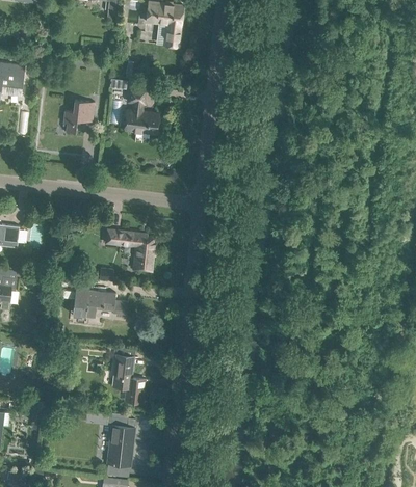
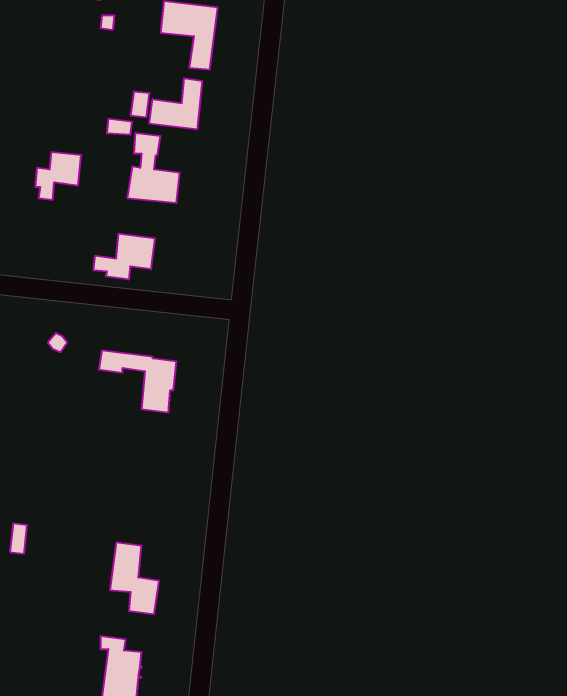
building: none -> [149,78,202,129]
building: none -> [94,234,155,280]
building: [58,283,127,319] -> none

